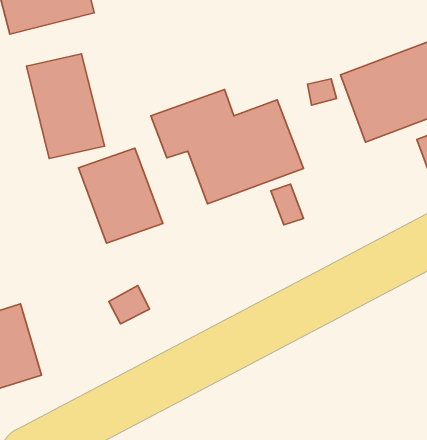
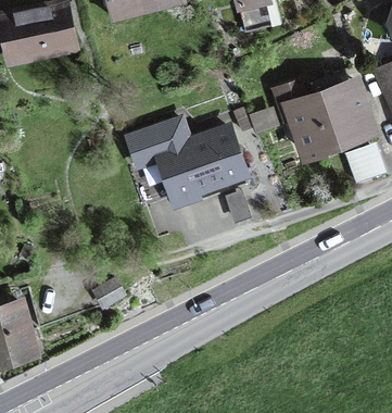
building: [26,54,104,159] -> none
building: [79,148,163,243] -> none

